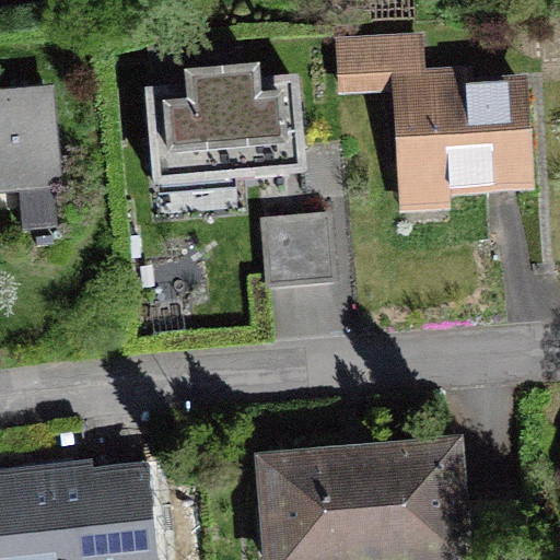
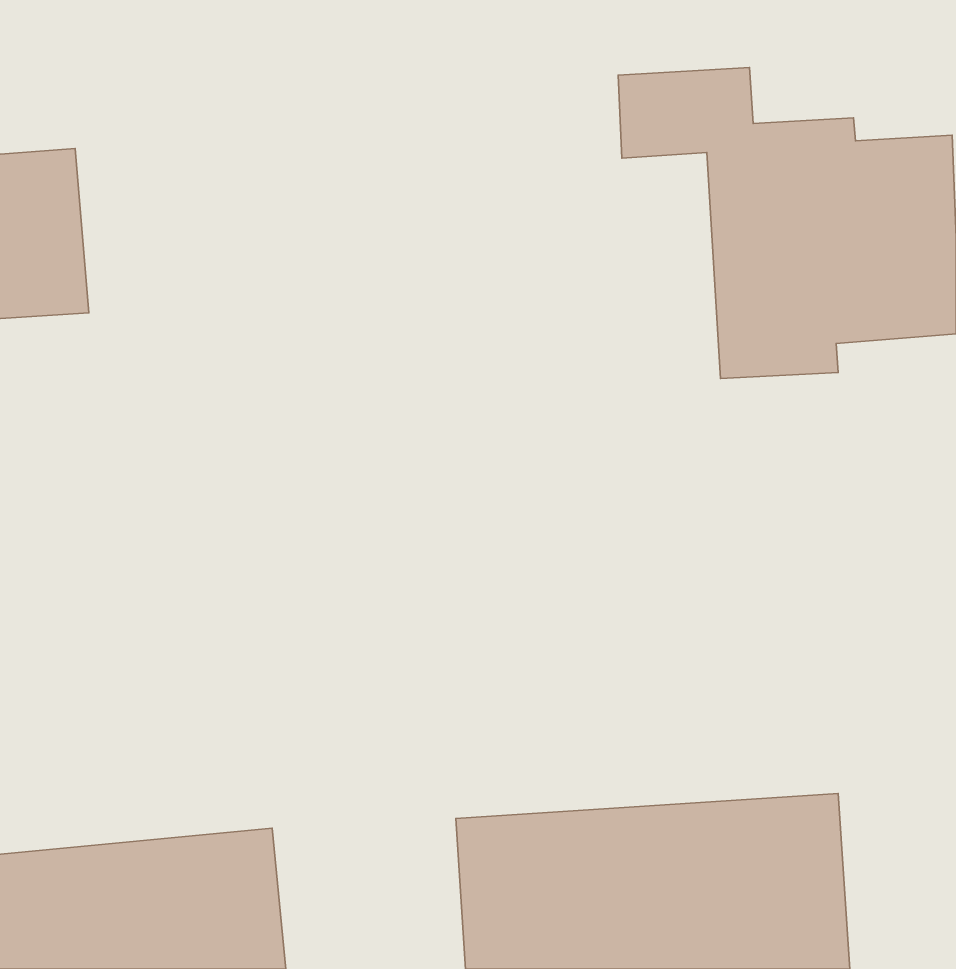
building: [130,71,289,174] -> none
building: [248,211,315,284] -> none

